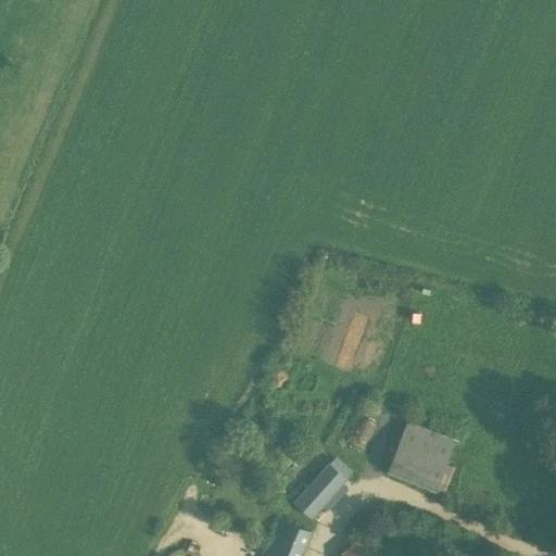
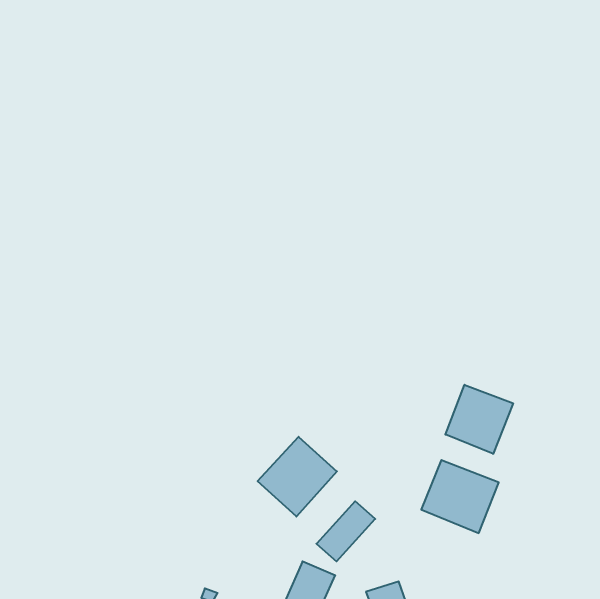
building: none -> [445,385,513,454]
building: none -> [258,437,337,517]

